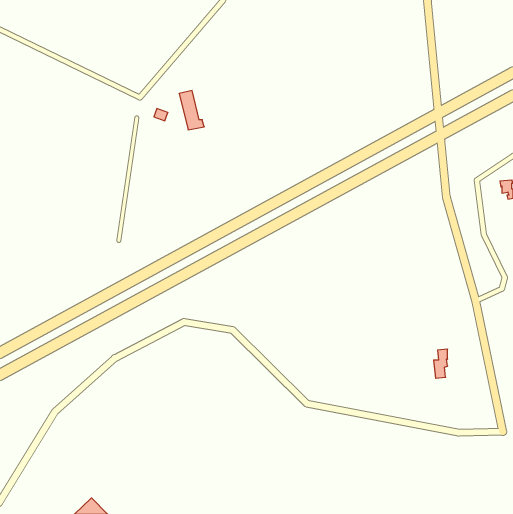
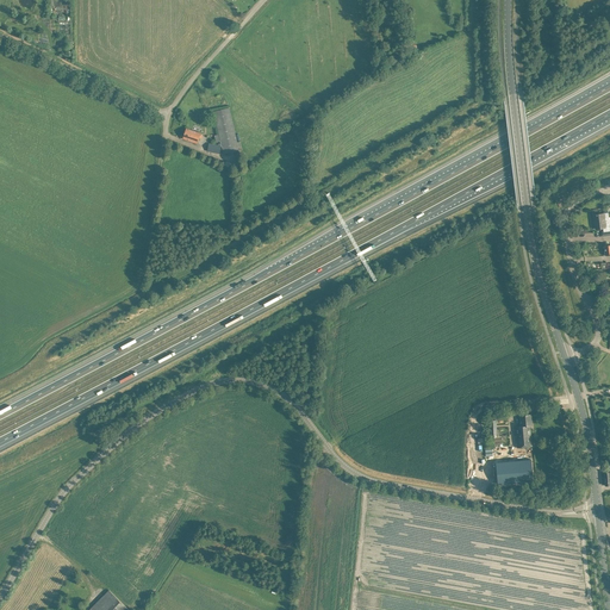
building: none -> [494,459,533,484]

